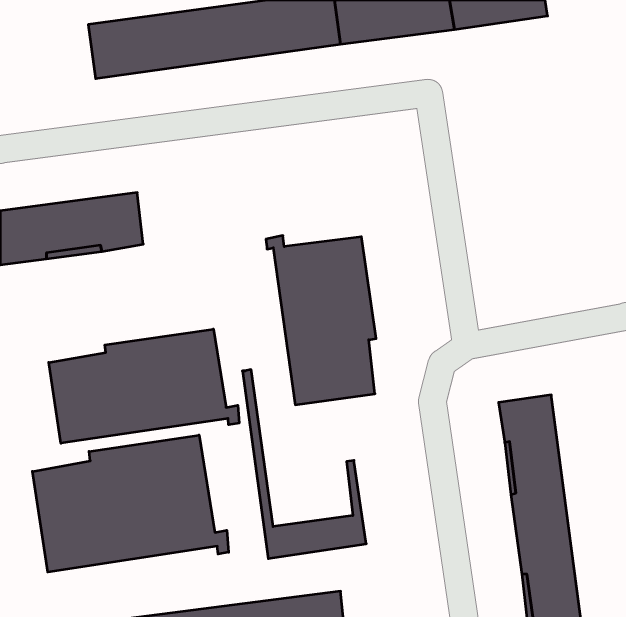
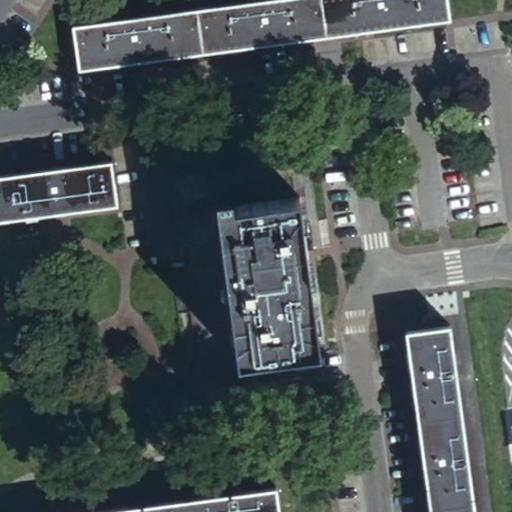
building: [49,329,239,443] -> none
building: [242,370,366,559] -> [216,210,317,364]
building: [32,435,229,572] -> none

